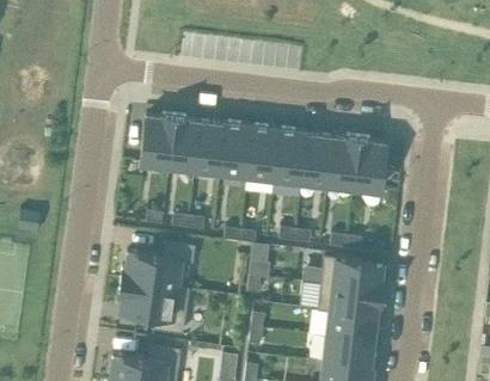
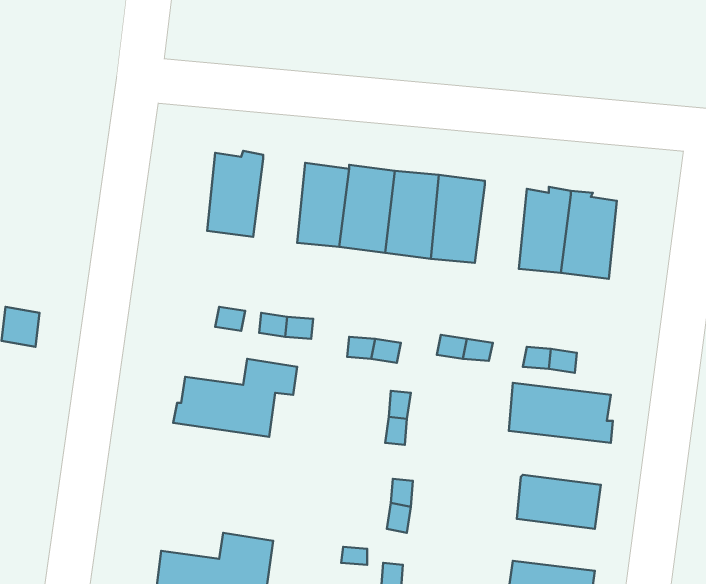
building: [169,119,200,172] -> none
building: [301,137,332,188] -> none
building: [120,279,189,333] -> none
building: [318,284,382,317] -> none
building: [324,337,373,368] -> none

